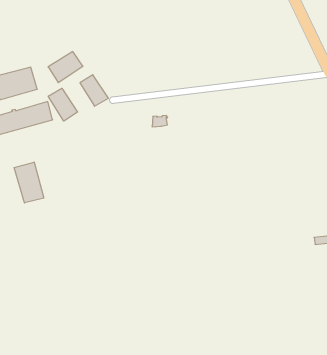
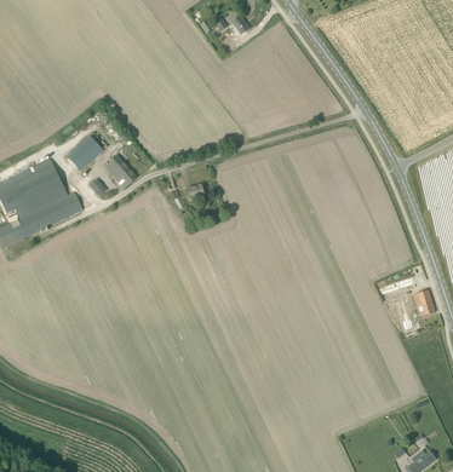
building: [48,88,78,121] -> none
building: [14,162,44,203] -> none

